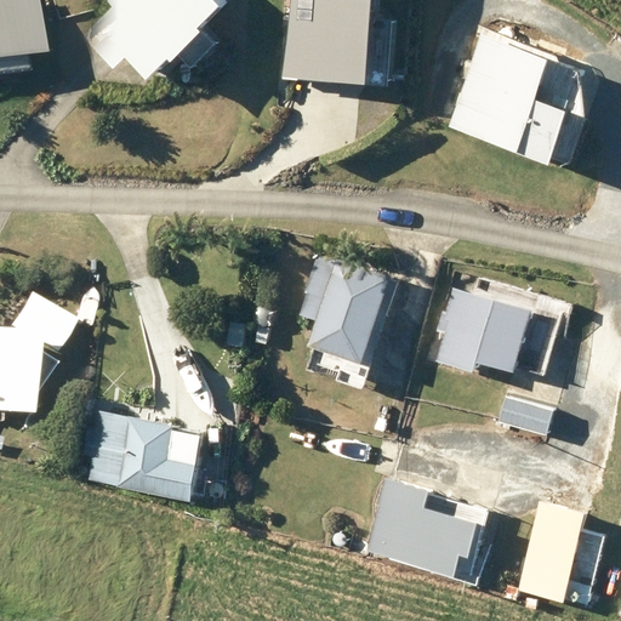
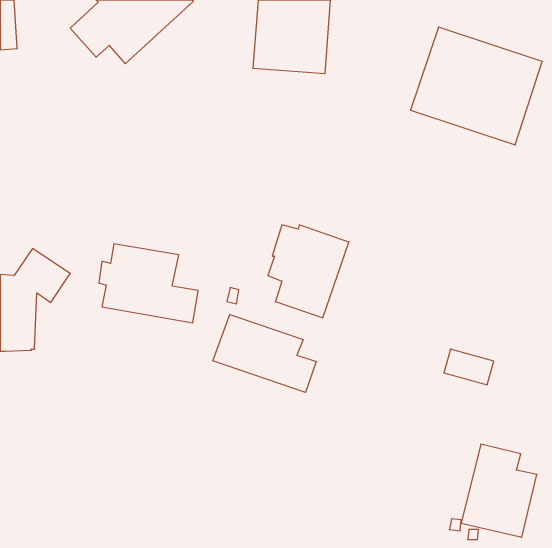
building: [437,290,547,372] -> none
building: none -> [213,314,316,392]
building: [84,411,195,500] -> [99,244,198,323]
building: [368,479,478,576] -> none

